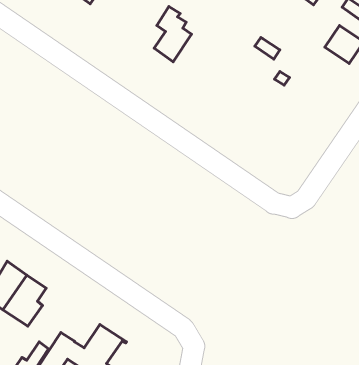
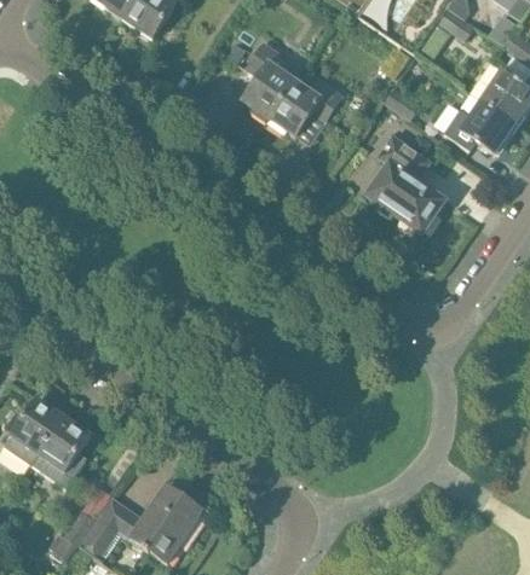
building: none -> [269,80,342,135]
building: none -> [443,98,514,152]
building: none -> [368,141,444,233]

